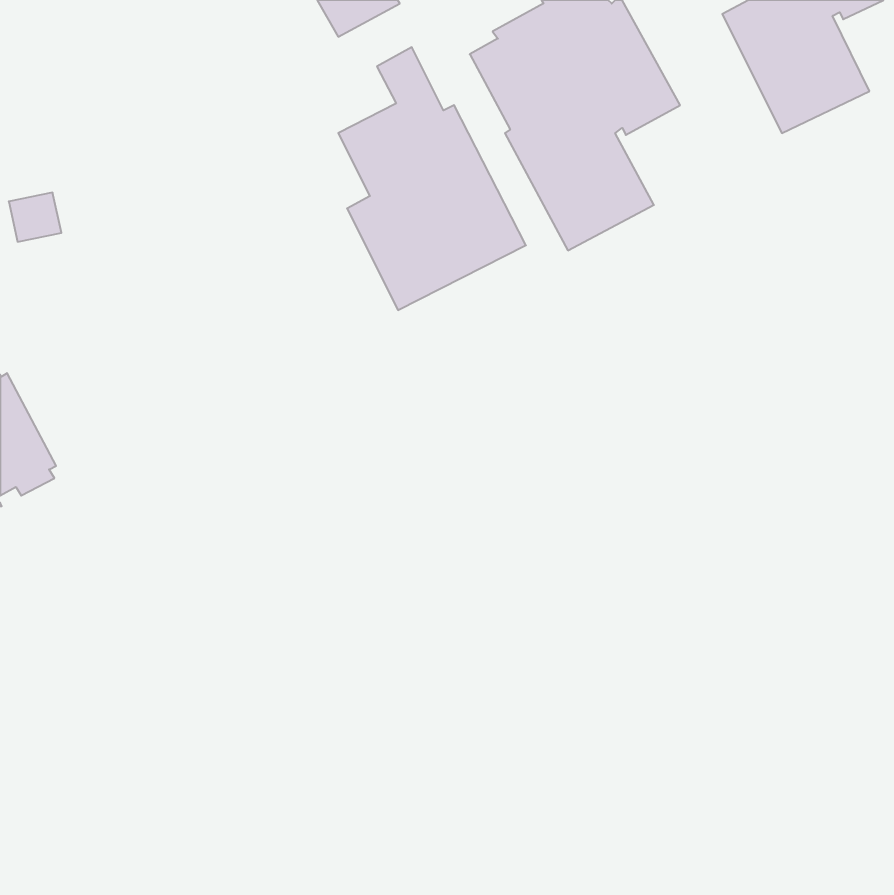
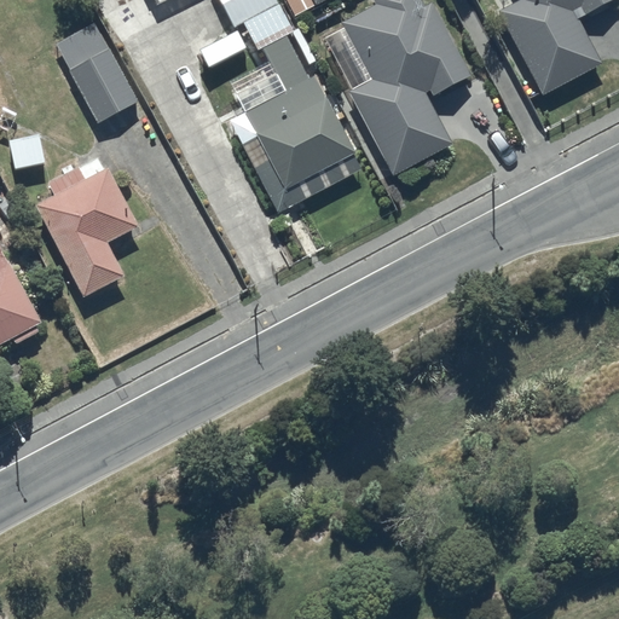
building: none -> [56,23,138,122]
building: none -> [35,155,137,296]

